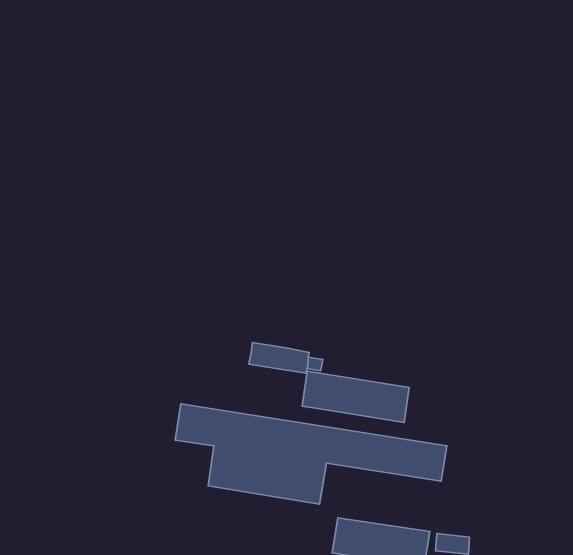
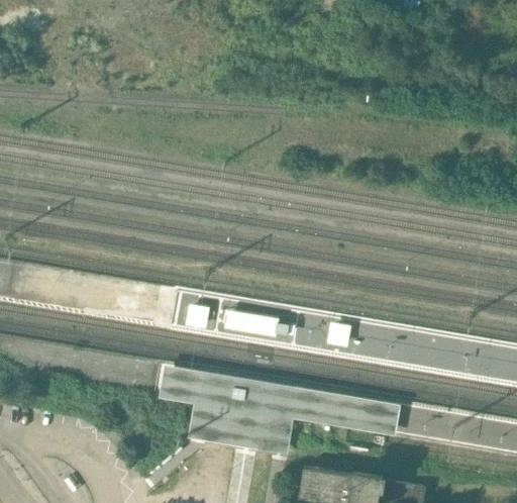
building: [302,371,409,422] -> none

